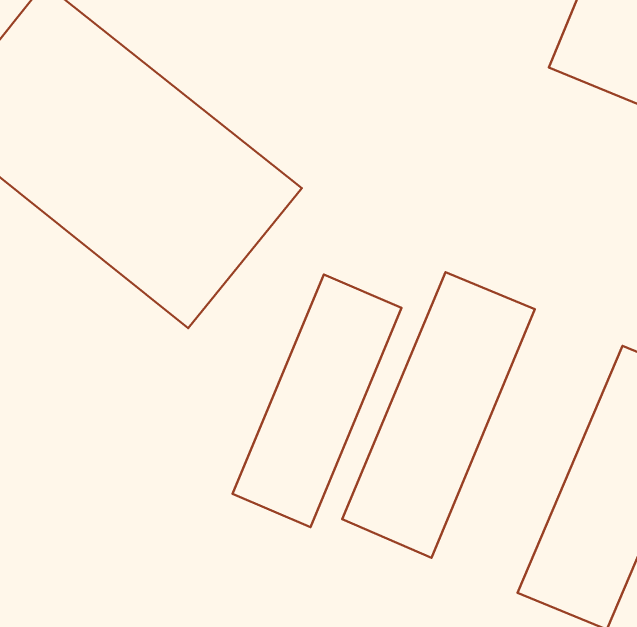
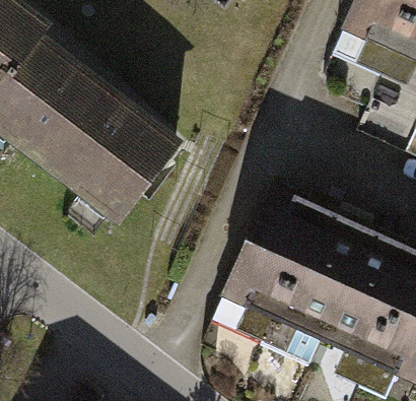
building: [233,274,402,527] -> none
building: none -> [261,206,371,371]

